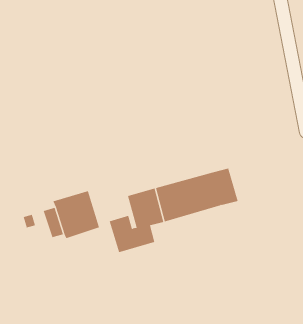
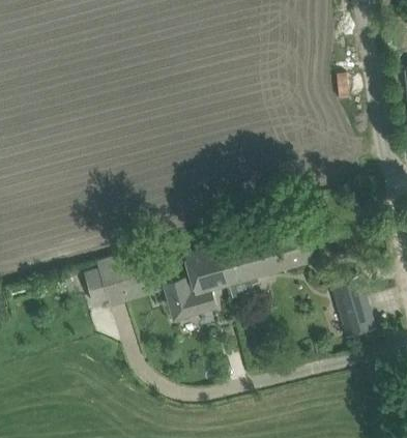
building: none -> [331,279,375,339]

